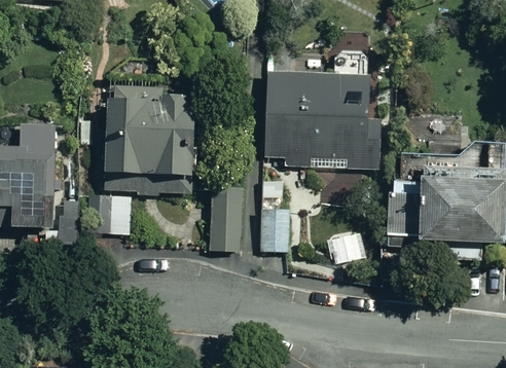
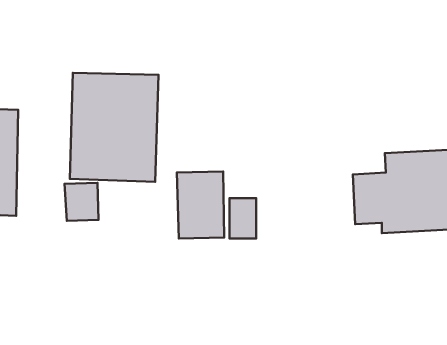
building: [267,74,377,169] -> none

